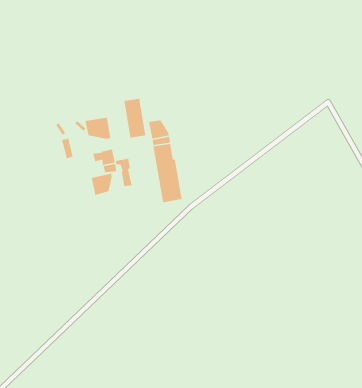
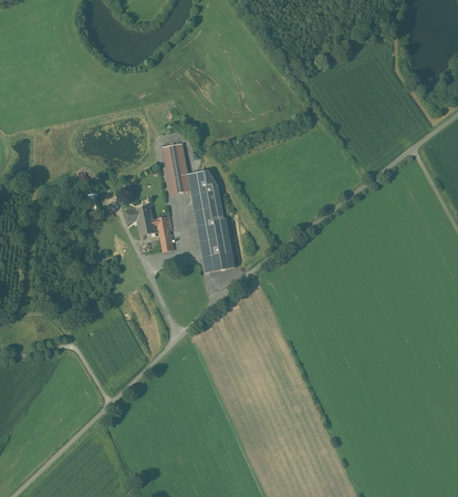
building: [84,117,111,139] -> none
building: [91,173,113,196] -> none

